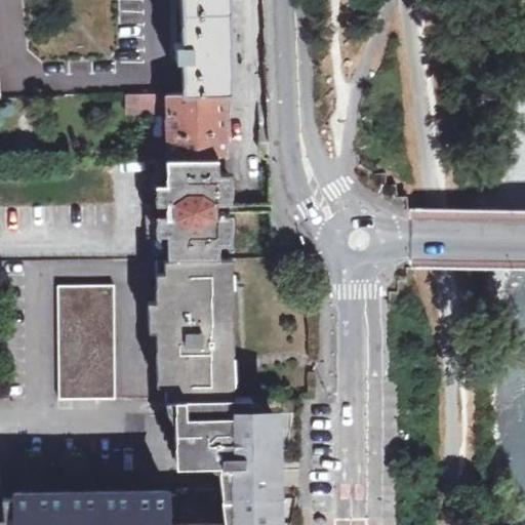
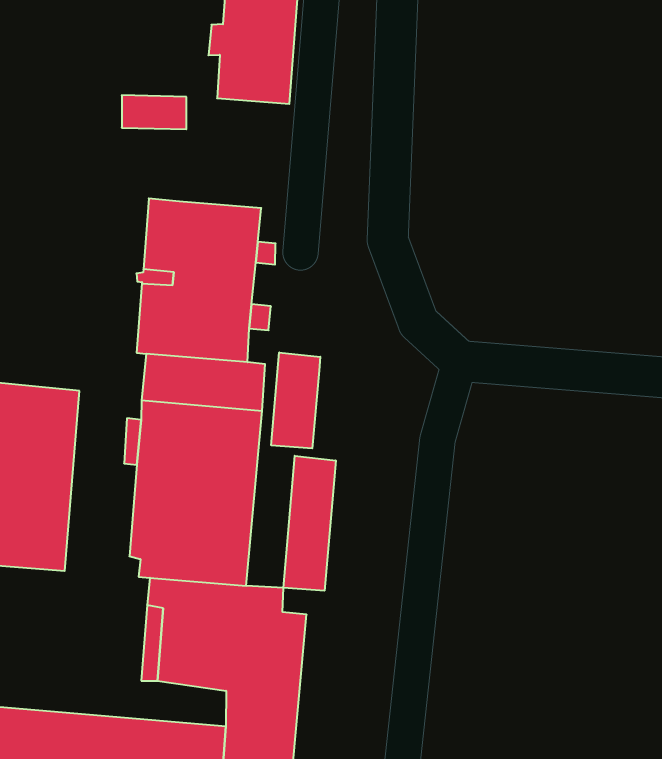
building: [168,91,232,160] -> none
building: none -> [271,352,320,448]
building: none -> [283,456,336,591]

